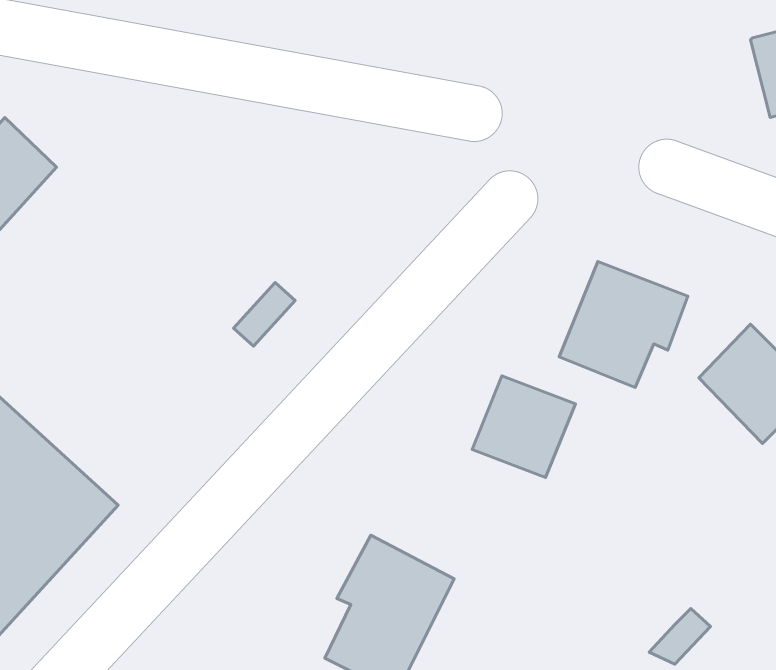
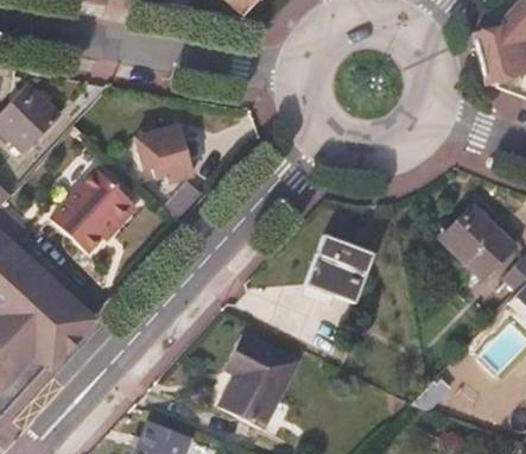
building: none -> [132,122,198,184]
building: none -> [46,168,139,260]
building: [559,261,688,388] -> none

